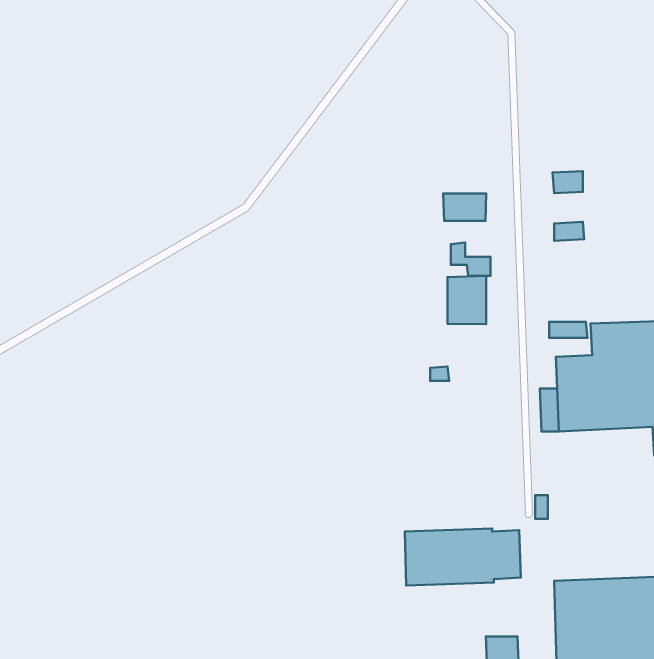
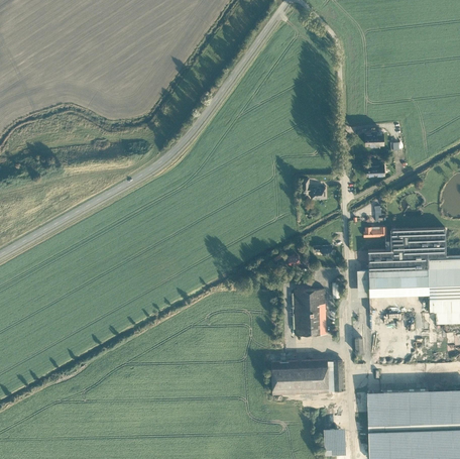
building: [443,193,486,221] -> none
building: [448,276,486,324] -> none
building: none -> [296,291,329,337]

